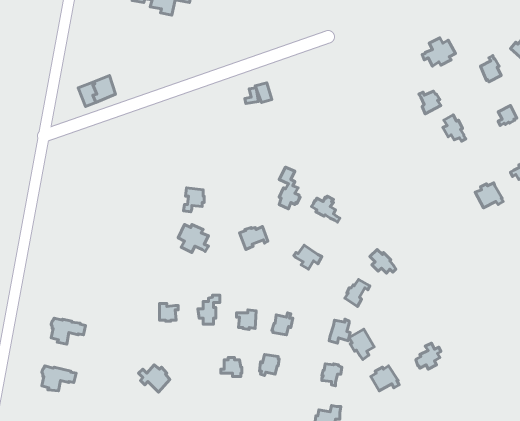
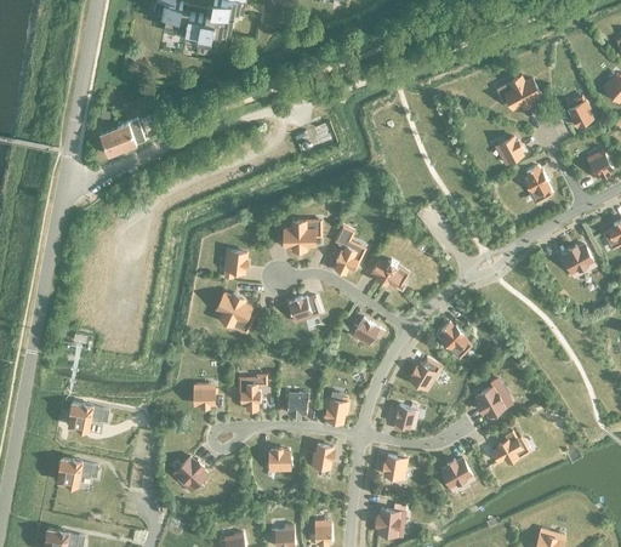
building: none -> [284,221,319,249]
building: [349,329,374,359] -> [475,386,505,421]

